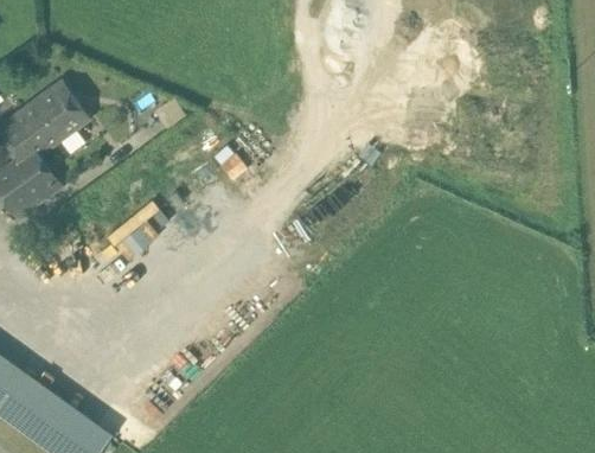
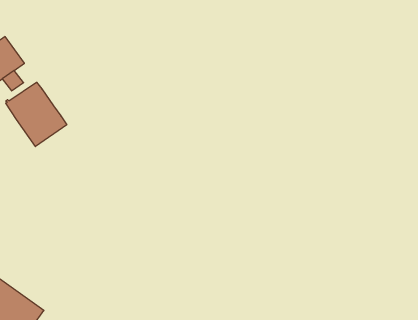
building: none -> [6,82,67,147]

